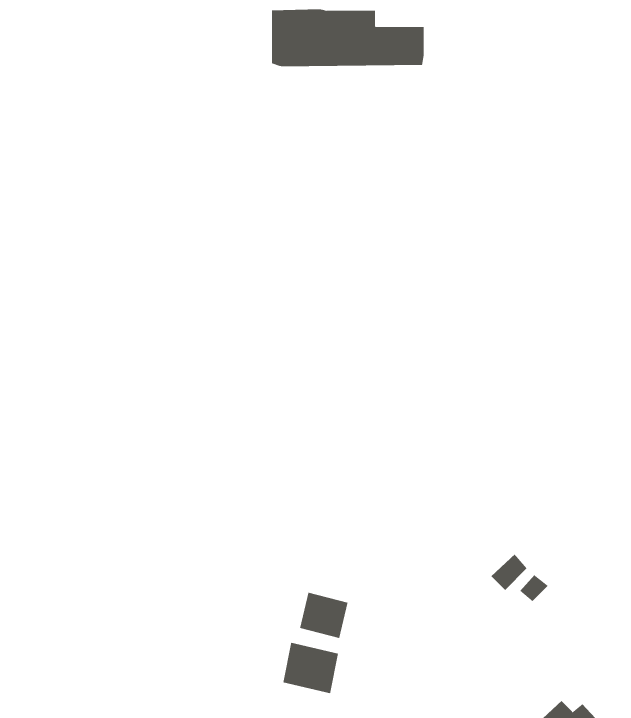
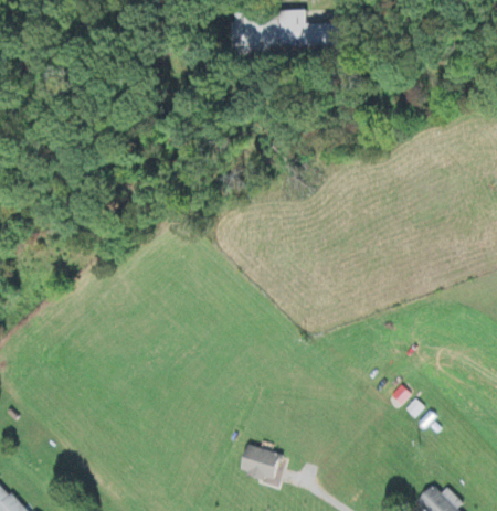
building: [299,592,348,639] -> none

